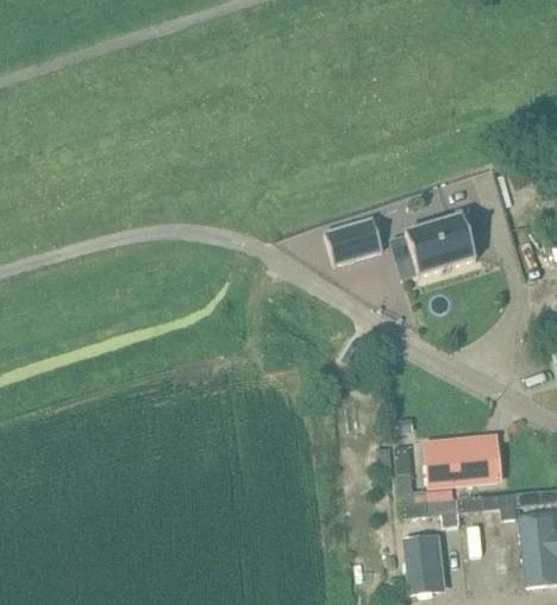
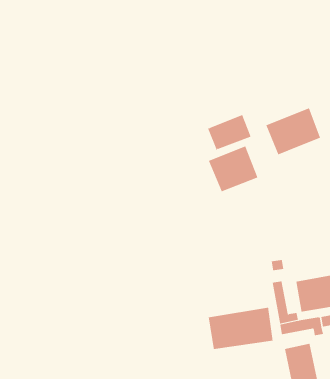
building: none -> [208,146,258,192]
building: none -> [208,307,273,350]

